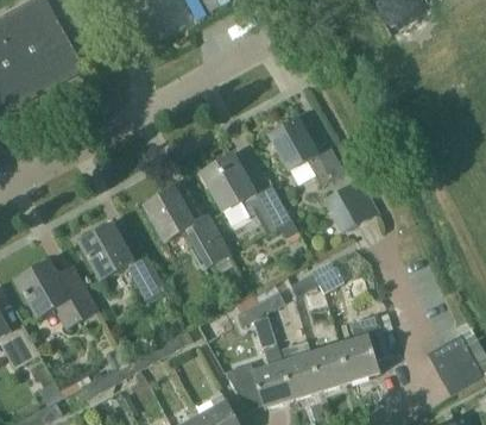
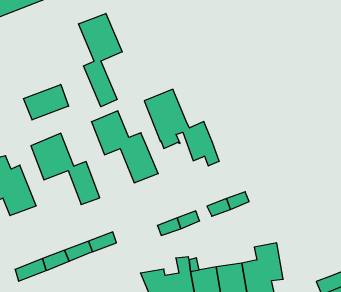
building: none -> [79,13,122,107]
building: [269,118,345,186] -> none
building: none -> [23,84,69,120]
building: [322,177,379,232] -> none

